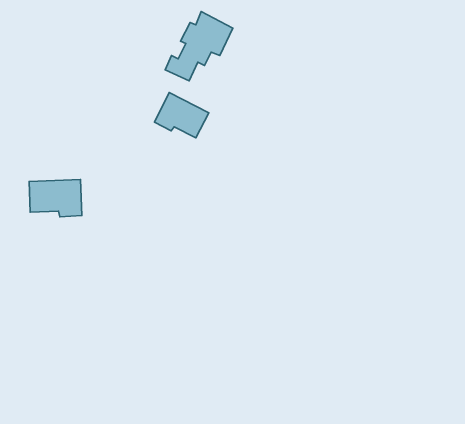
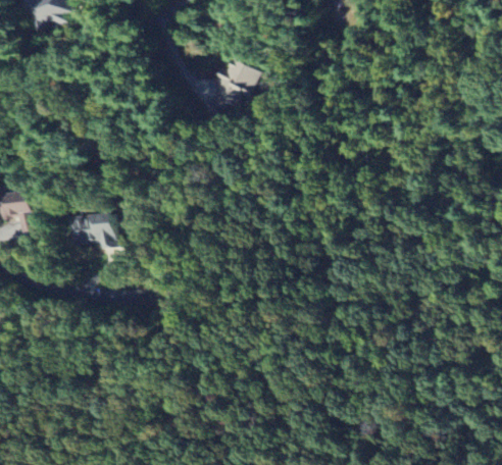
building: [154,92,209,138] -> none

